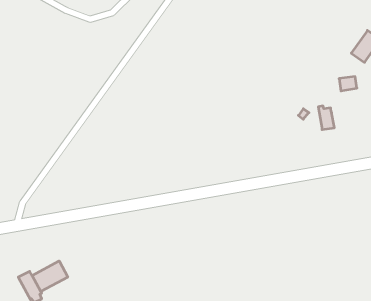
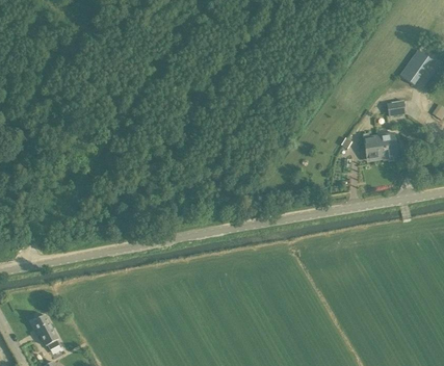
building: none -> [376,132,397,160]
building: [32,261,68,292] -> none

